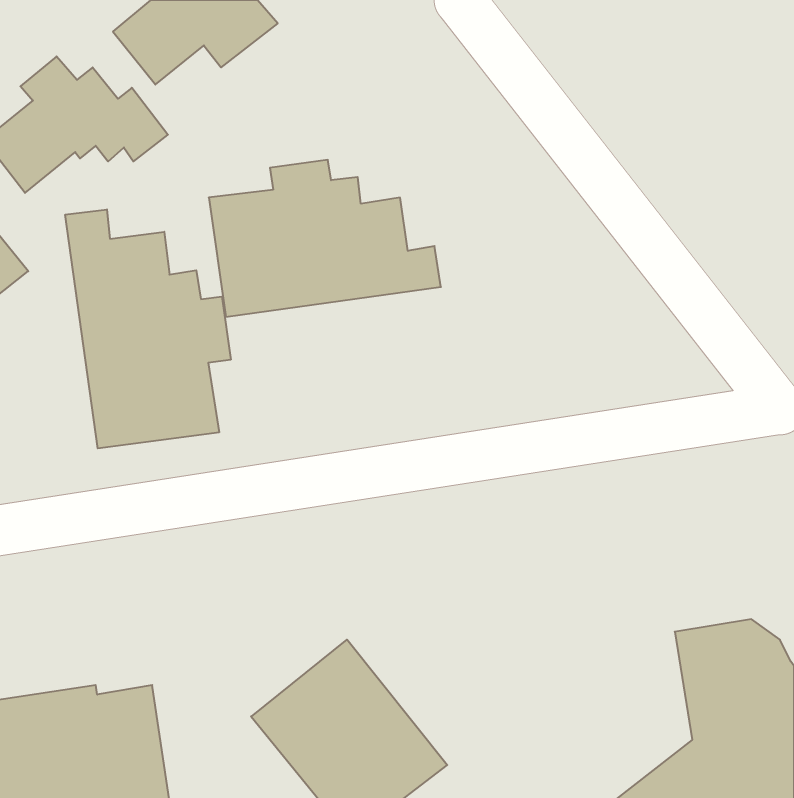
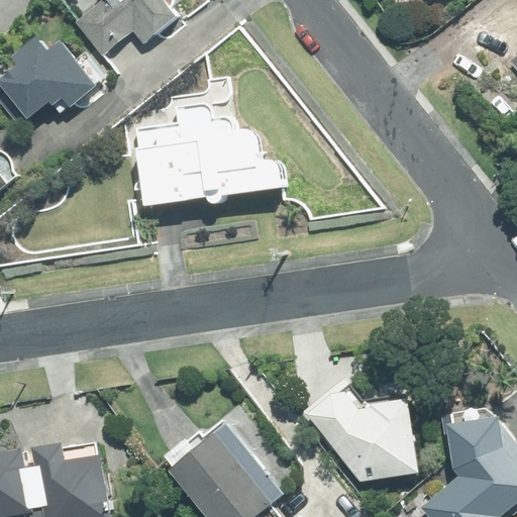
building: [65,209,231,448] -> none
building: none -> [300,374,418,482]

